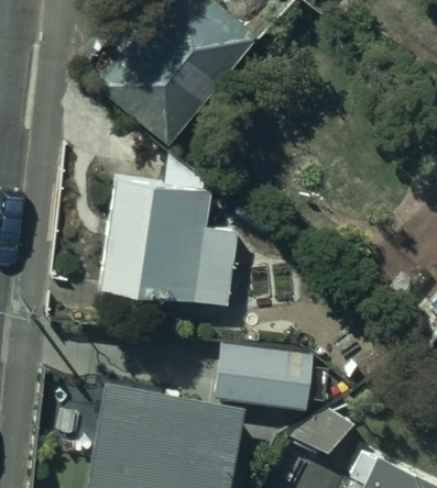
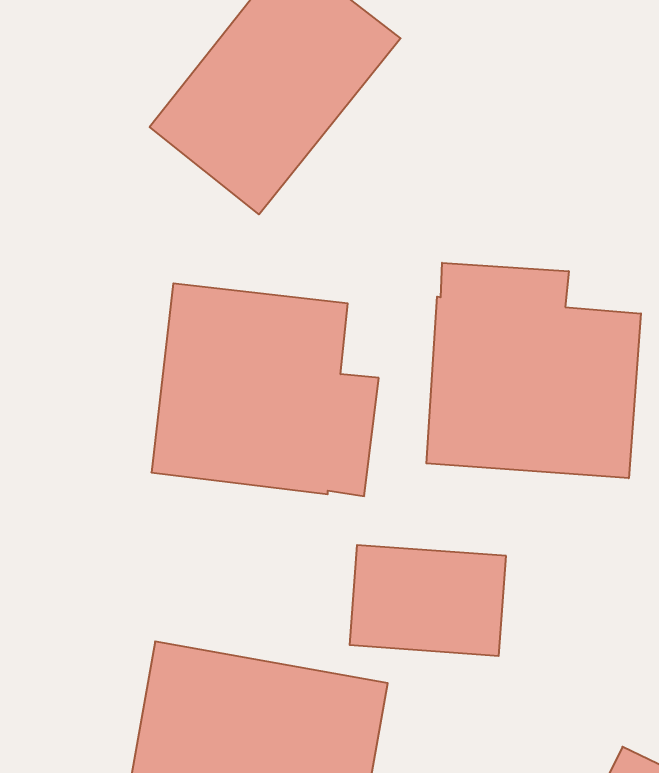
building: none -> [426,263,641,478]

